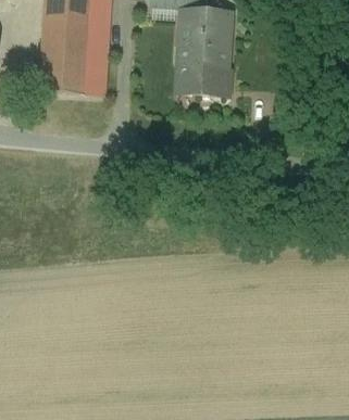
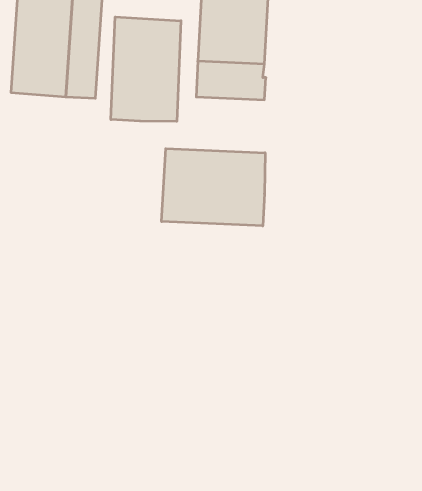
building: none -> [111,17,181,121]
building: none -> [162,149,265,226]

